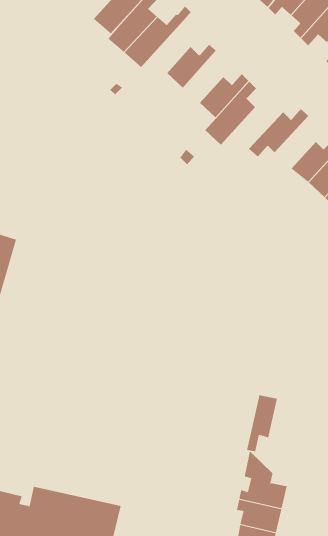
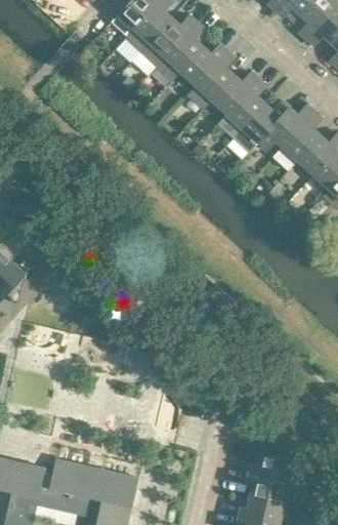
building: none -> [156,23,204,81]
building: none -> [186,50,235,109]
building: none -> [231,100,290,154]
building: none -> [271,112,322,172]
building: [246,394,278,452] -> none

